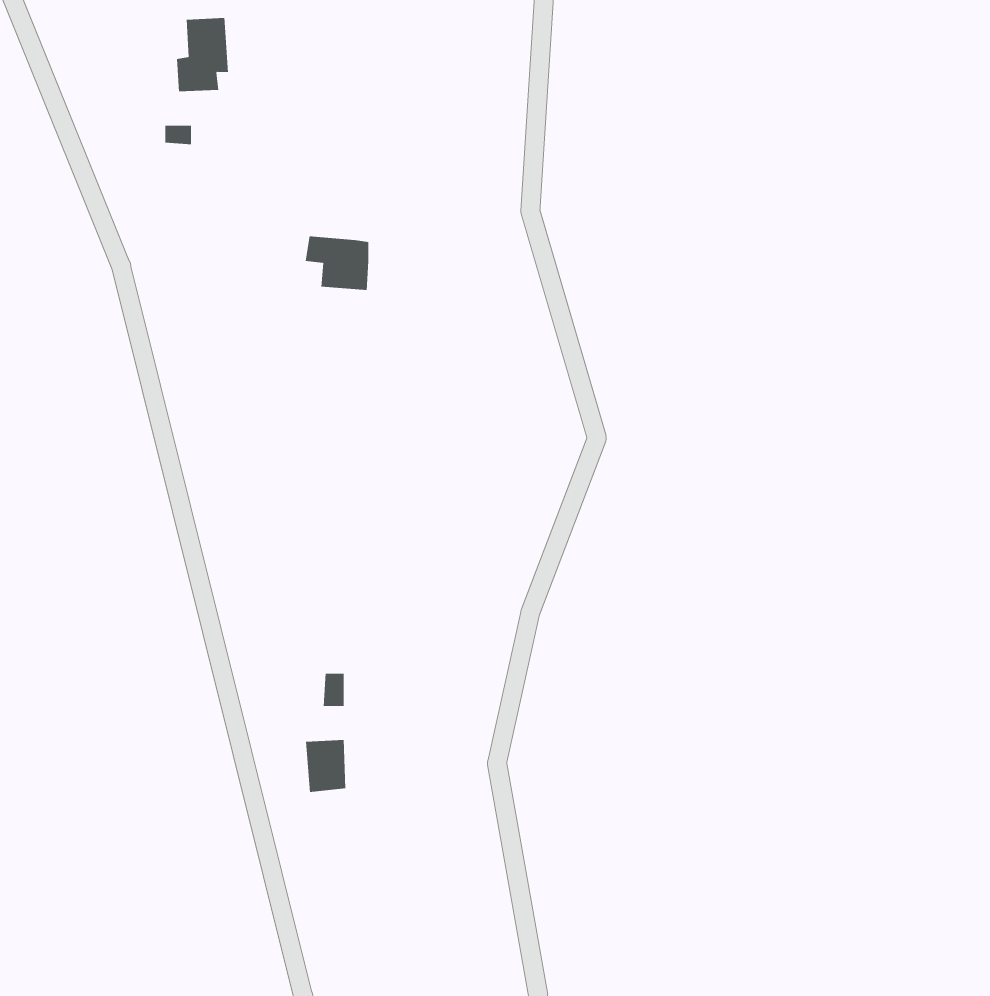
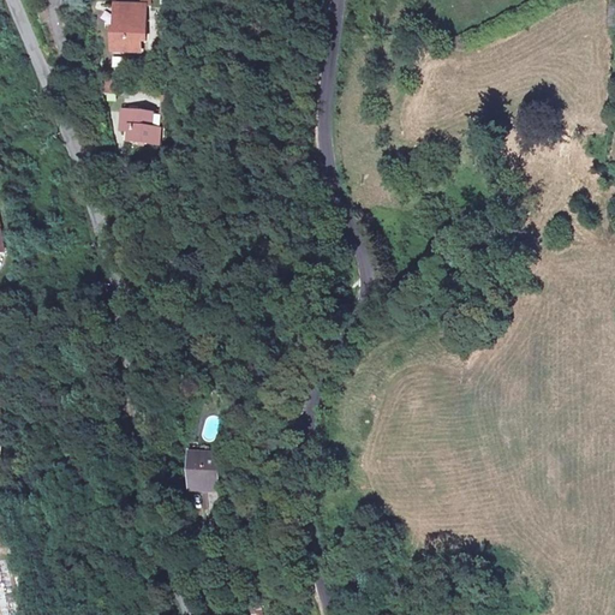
building: [305,236,369,291] -> [118,107,157,141]

